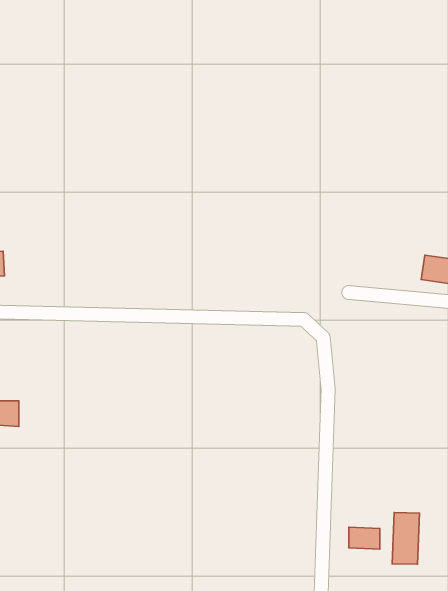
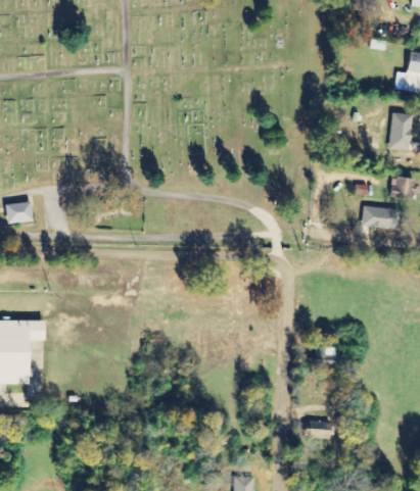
building: [392,513,420,564] -> none

